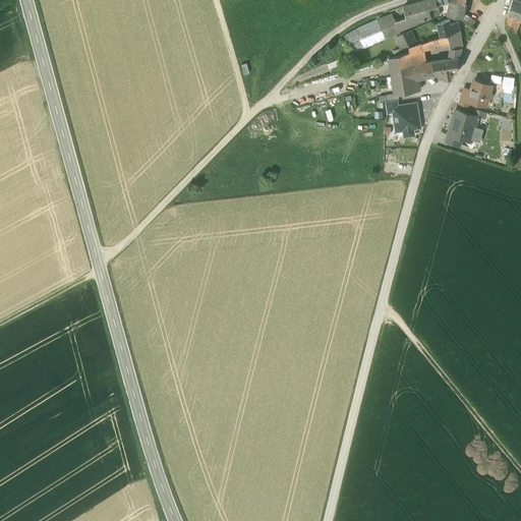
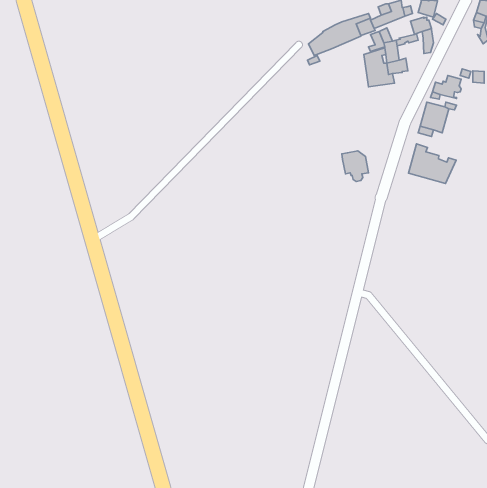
building: [433,56,460,75] -> none
building: [393,104,421,136] -> [342,151,368,181]
building: none -> [408,144,456,183]

